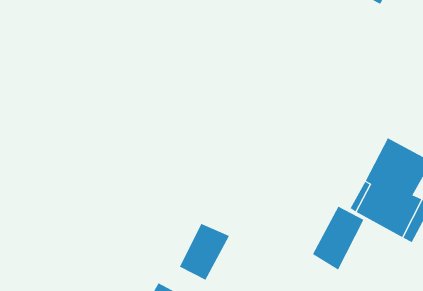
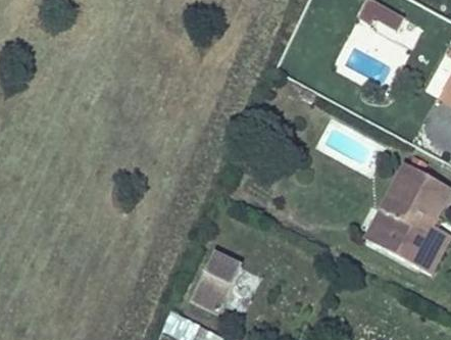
building: [312,206,364,271] -> none

